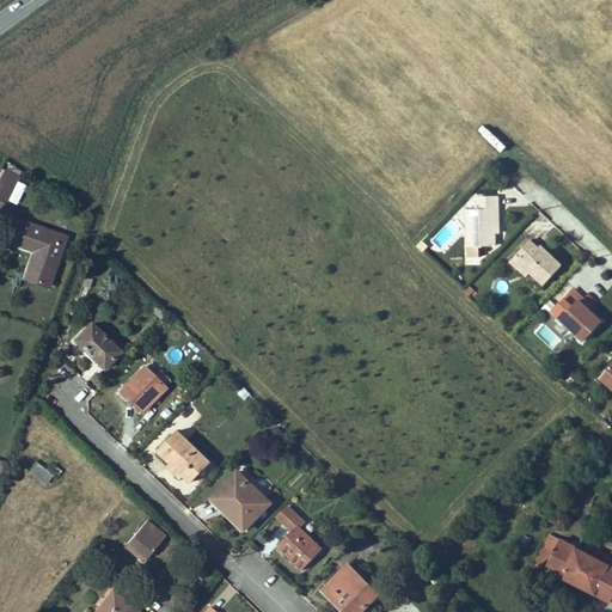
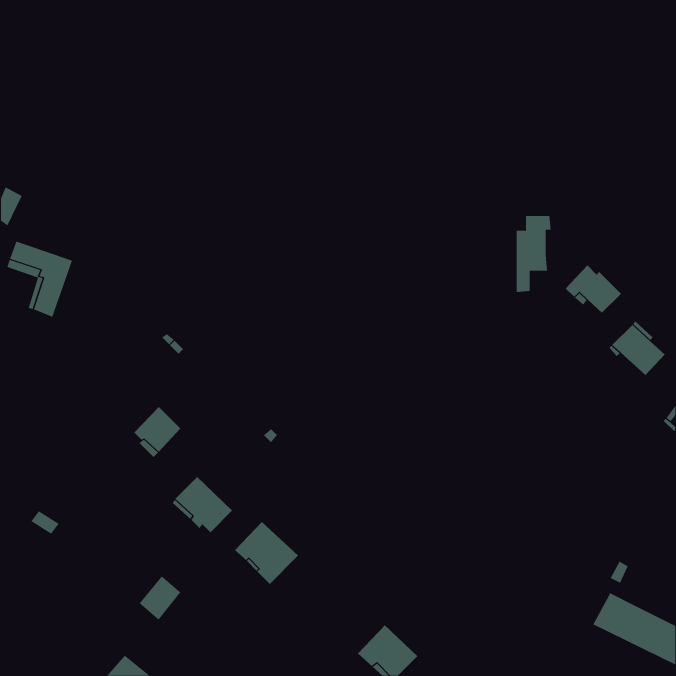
building: [75,324,120,371] -> none
building: [276,514,323,569] -> none

